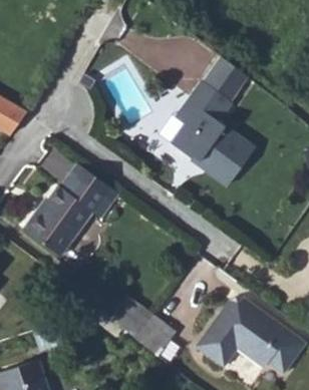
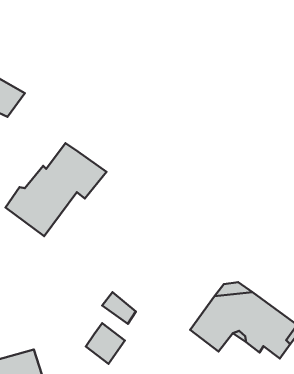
building: [177,57,260,186] -> none
building: [132,313,171,353] -> [86,323,125,364]

